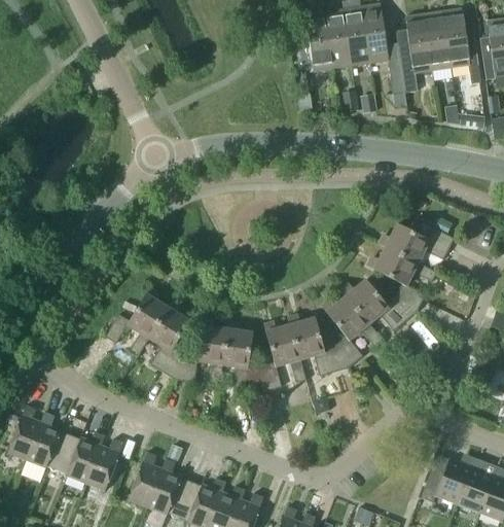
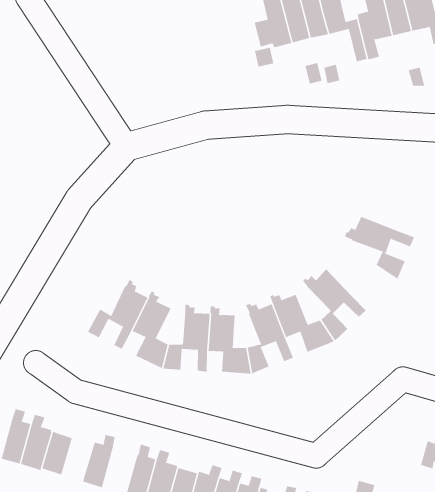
building: [377,223,454,262] -> none
building: [339,279,416,330] -> none
building: [66,431,105,483] -> none

